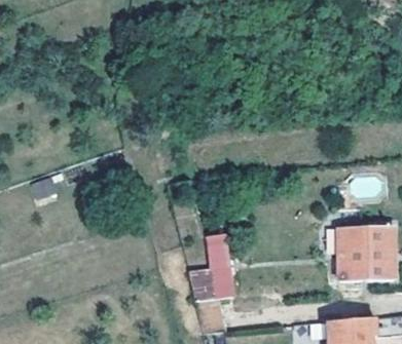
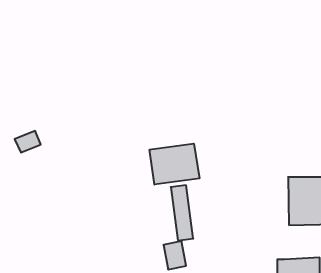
building: none -> [150,144,199,185]

